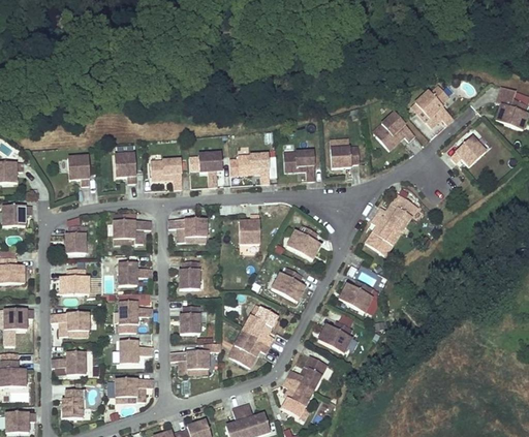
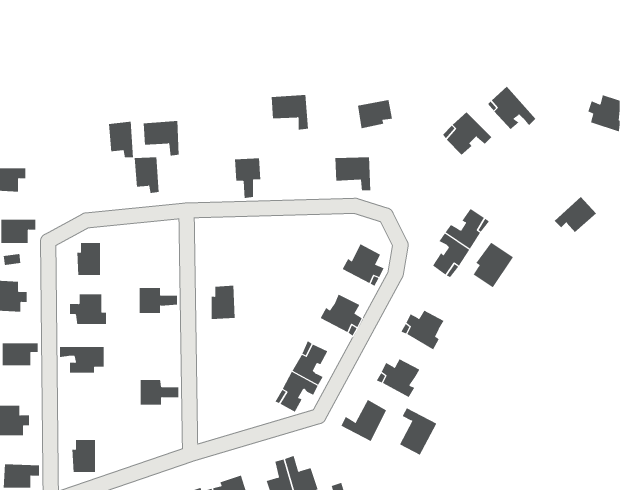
building: [452,136,488,167] -> [554,196,597,233]
building: [329,148,359,173] -> [357,99,393,129]
building: [67,152,89,183] -> [108,121,134,158]
building: [238,153,270,183] -> [271,95,309,130]
building: [149,158,180,188] -> [143,121,179,156]
building: [238,213,258,243] -> none
building: [114,219,151,243] -> none
building: [168,219,207,242] -> none
building: none -> [473,242,514,288]
building: [119,300,152,321] -> none
building: [180,306,199,334] -> none
building: [52,349,85,372] -> none
building: [170,350,208,373] -> none
building: [115,378,153,401] -> none
building: [282,378,314,418] -> [399,408,437,455]

